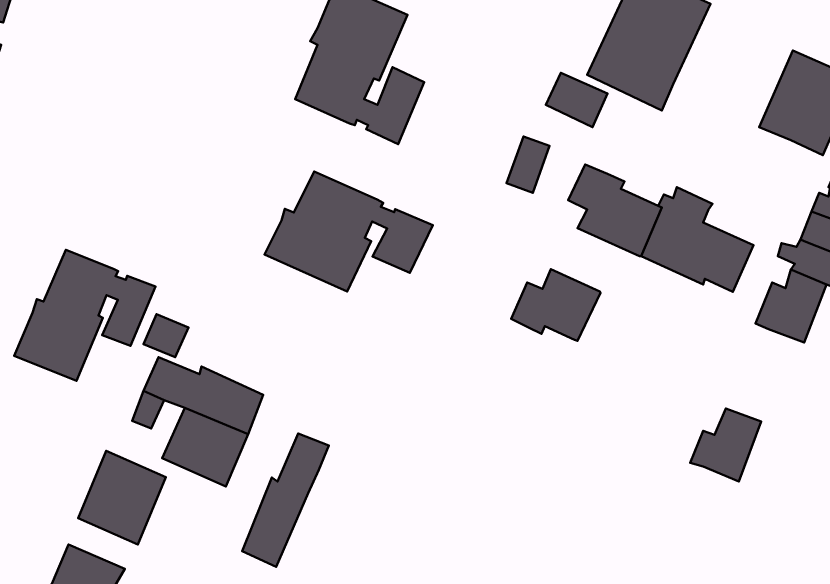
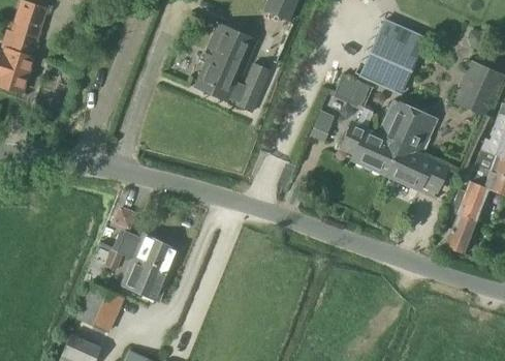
building: none -> [376,99,438,146]
building: [265,171,433,291] -> none
building: [14,250,155,381] -> none
building: [511,269,601,341] -> none
building: [690,409,761,481] -> [438,214,477,254]
building: [242,434,329,567] -> none

